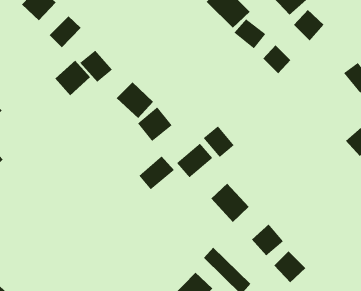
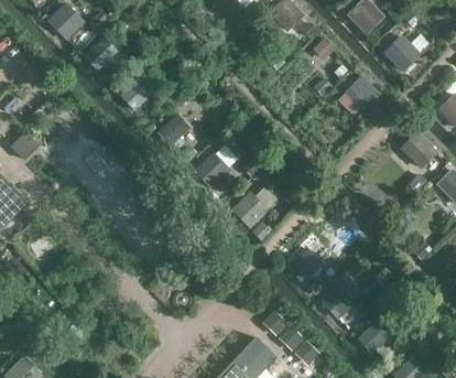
building: [54,60,91,96] -> none
building: none -> [400,131,436,170]
building: [203,126,235,158] -> none
building: [139,155,175,190] -> none

